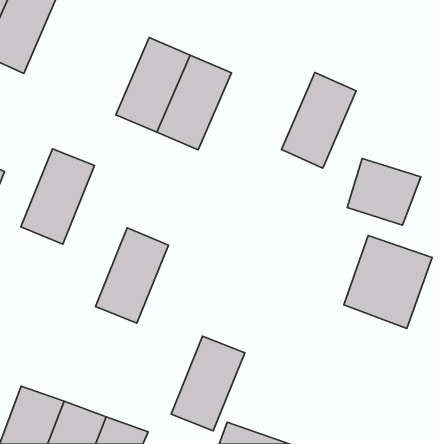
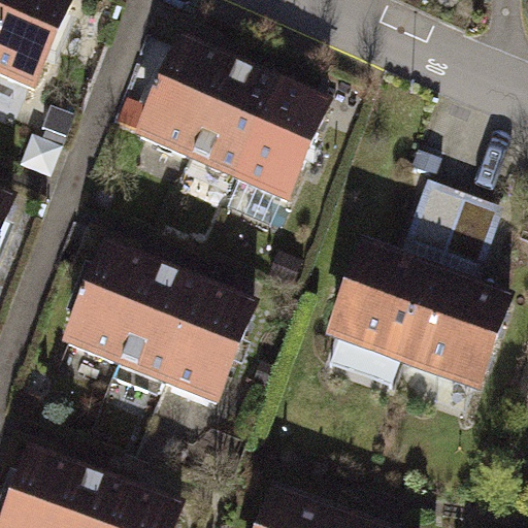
building: [282,73,356,168] -> [233,86,321,198]
building: [21,149,95,244] -> [63,249,150,361]
building: none -> [329,252,433,359]
building: [171,336,245,431] -> [161,289,248,400]

